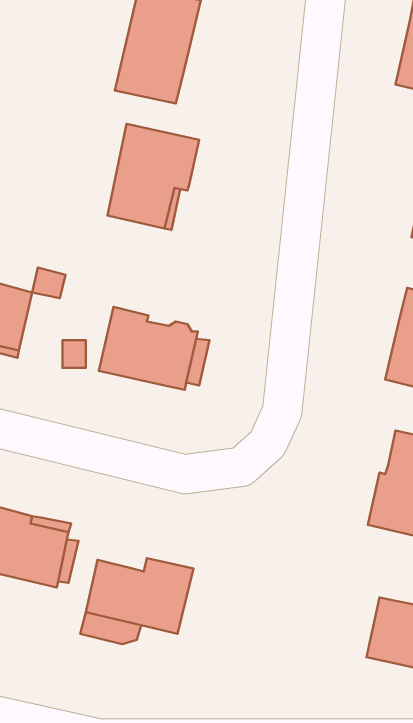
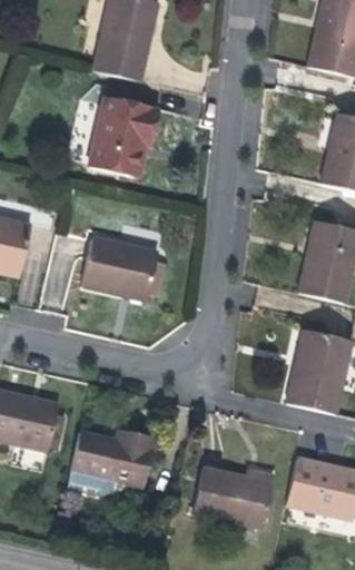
building: none -> [193,468,273,527]

